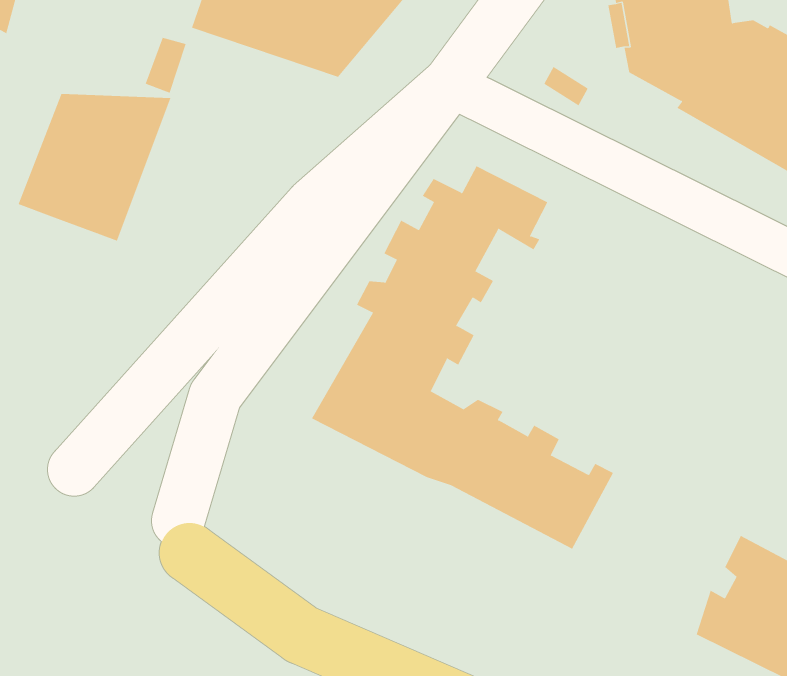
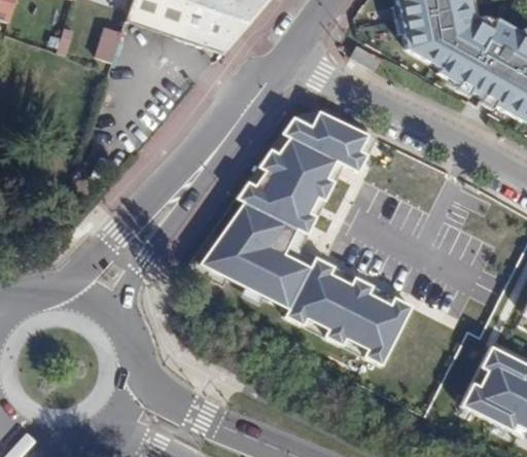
building: [18,93,171,241] -> none

